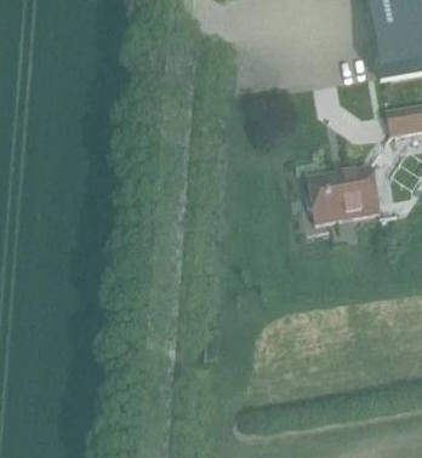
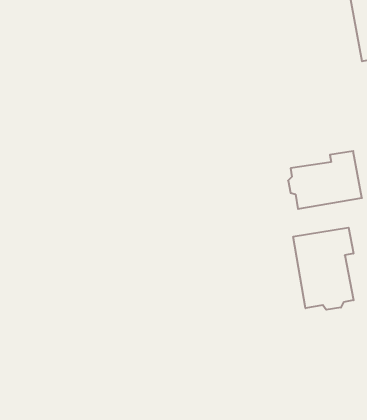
building: none -> [293,228,354,310]

